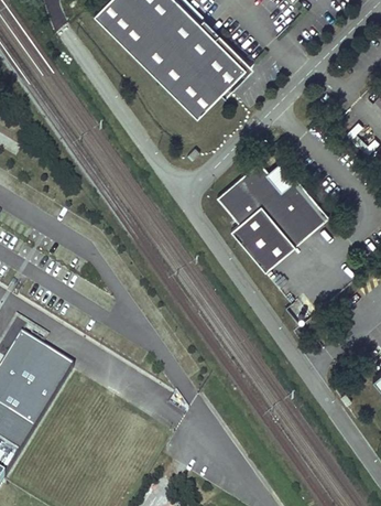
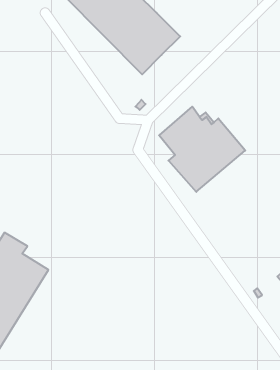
building: [213,32,251,96] -> none

